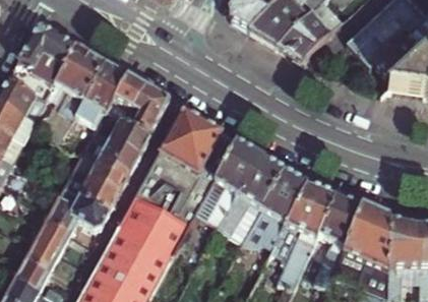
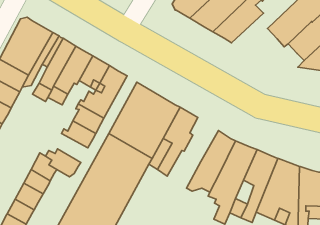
building: [222,154,287,243] -> none
building: [67,168,121,210] -> none

